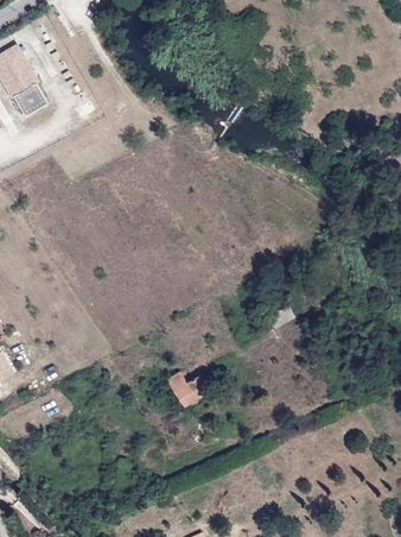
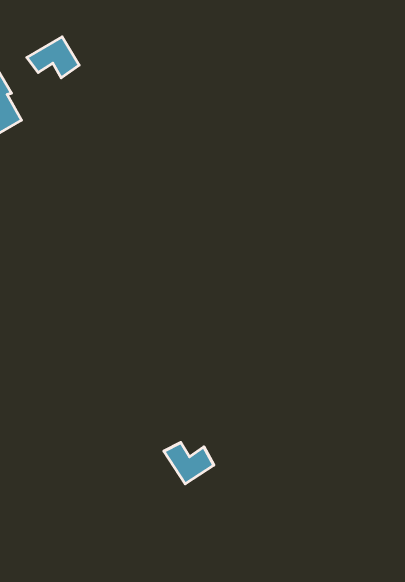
building: none -> [27,37,79,78]

